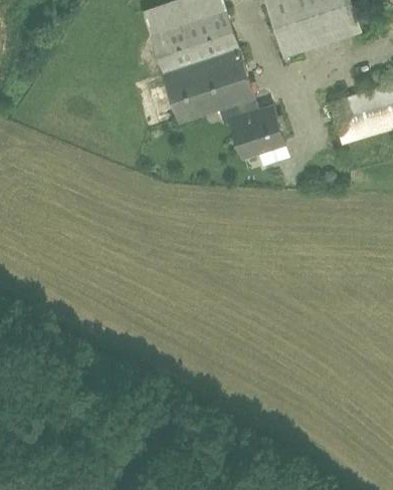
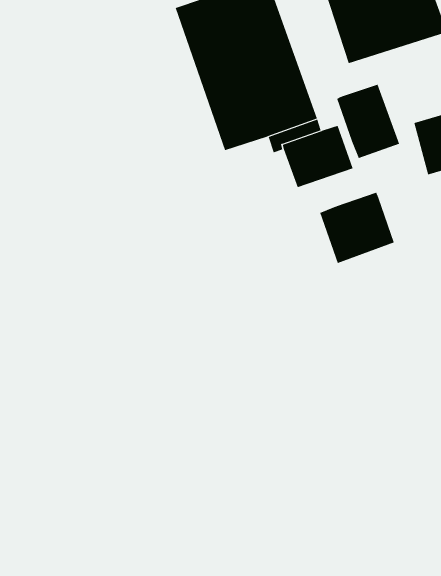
building: none -> [336,84,400,159]
building: none -> [319,192,394,264]

